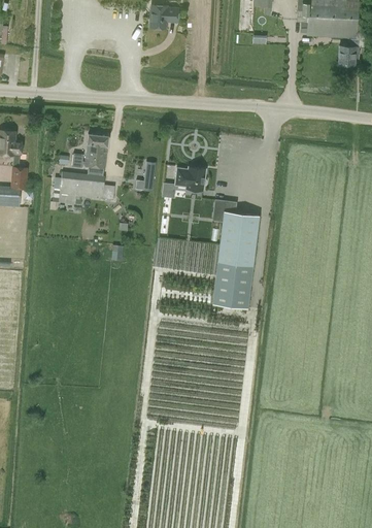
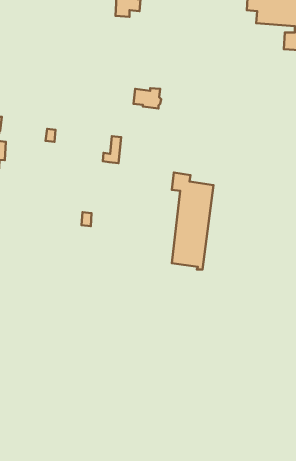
building: [83,133,107,168] -> none
building: [175,167,206,190] -> [133,88,161,108]
building: [54,171,114,203] -> none

